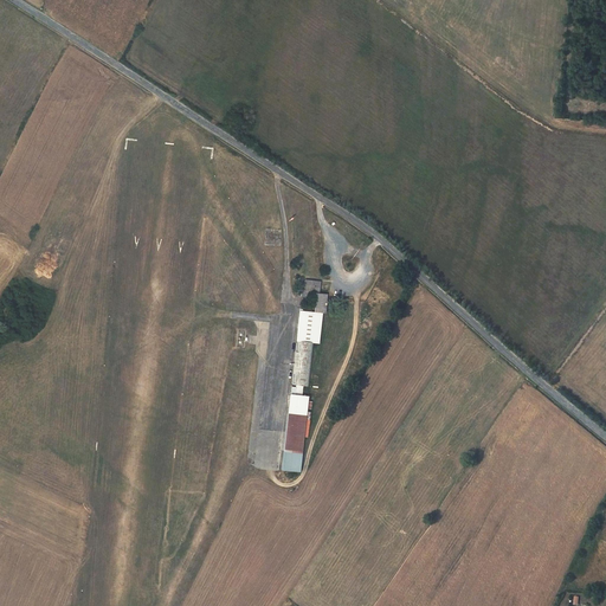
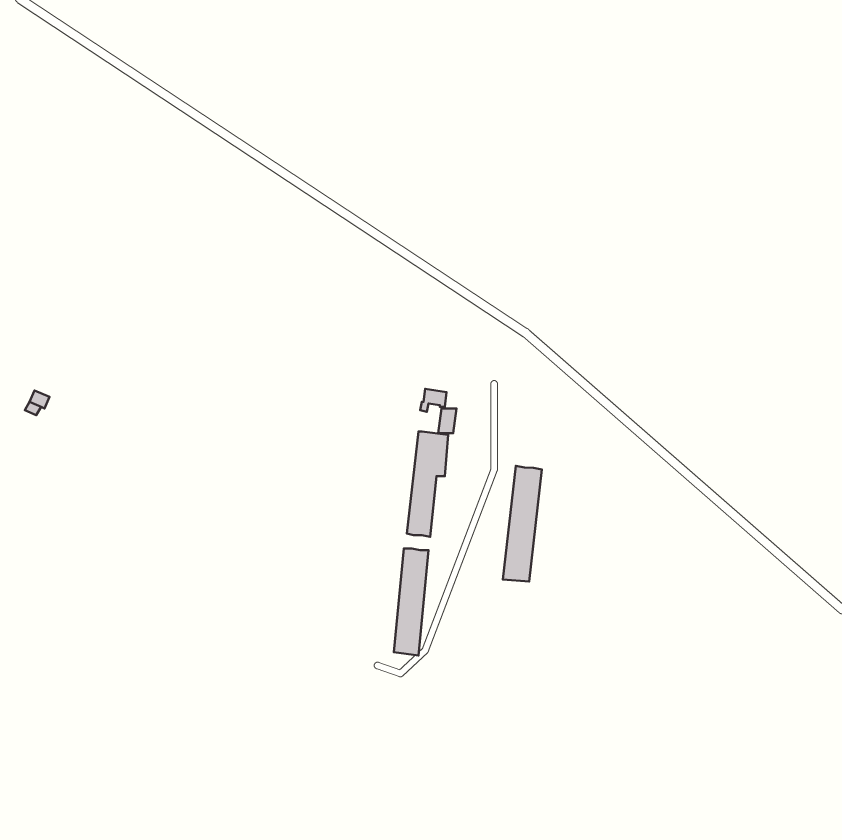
building: none -> [503,466,542,581]

